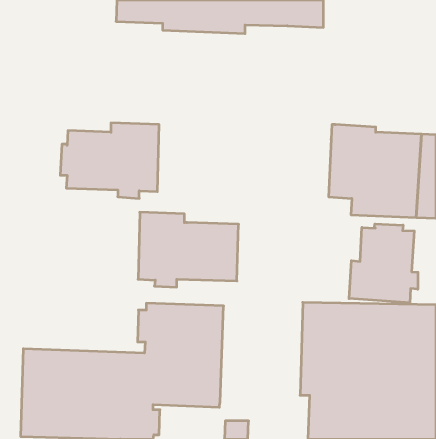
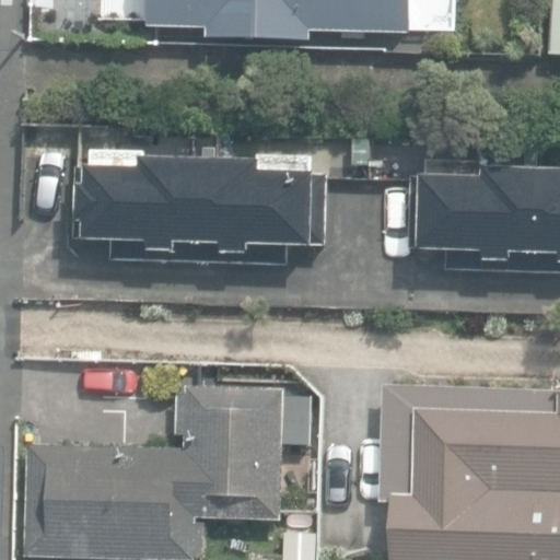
building: [138,212,239,287] -> [200,159,328,254]
building: [349,224,418,303] -> none

